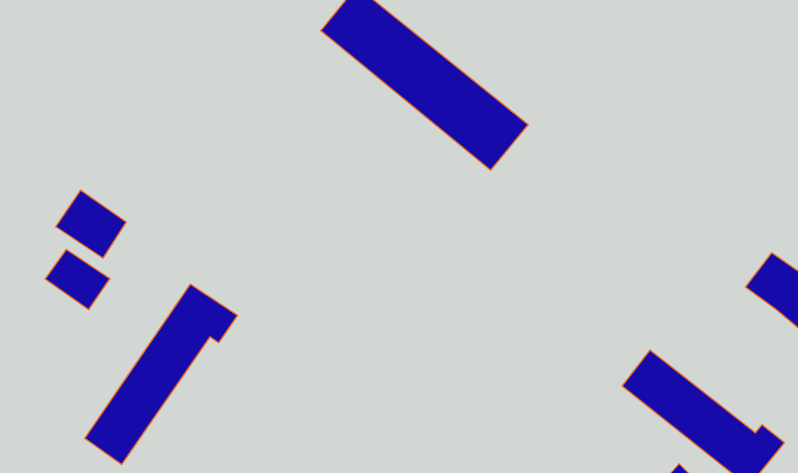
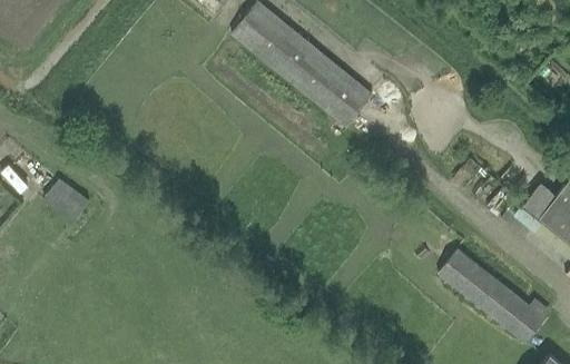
building: [56,190,126,258] -> none
building: [85,284,237,465] -> none

